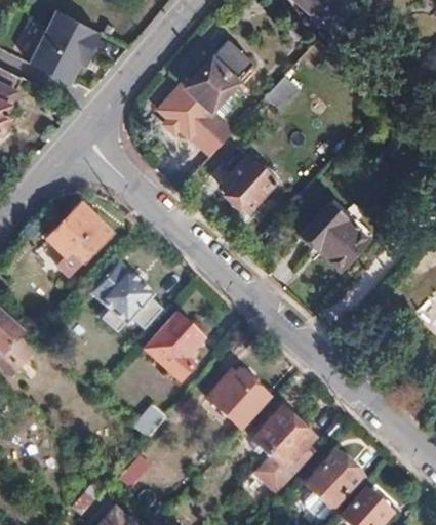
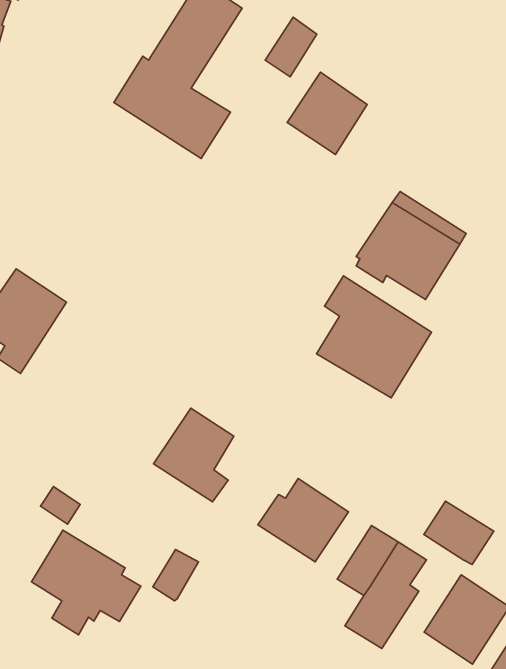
building: [220,158,273,212] -> [287,72,367,154]
building: none -> [316,276,432,398]
building: [92,262,162,331] -> [31,530,141,635]
building: none -> [424,501,494,564]

